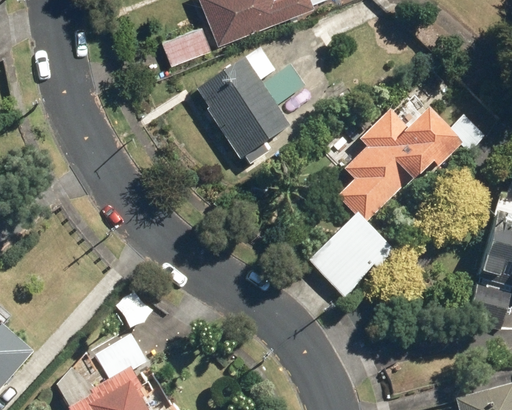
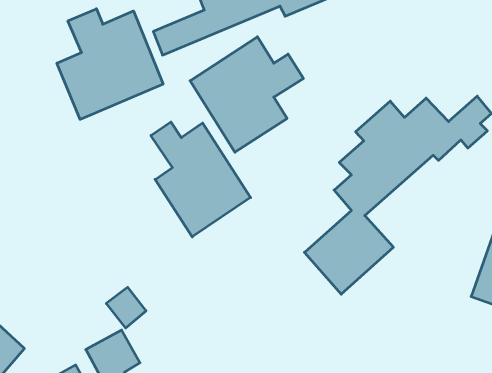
building: none -> [57,9,163,119]
building: none -> [151,122,251,237]

